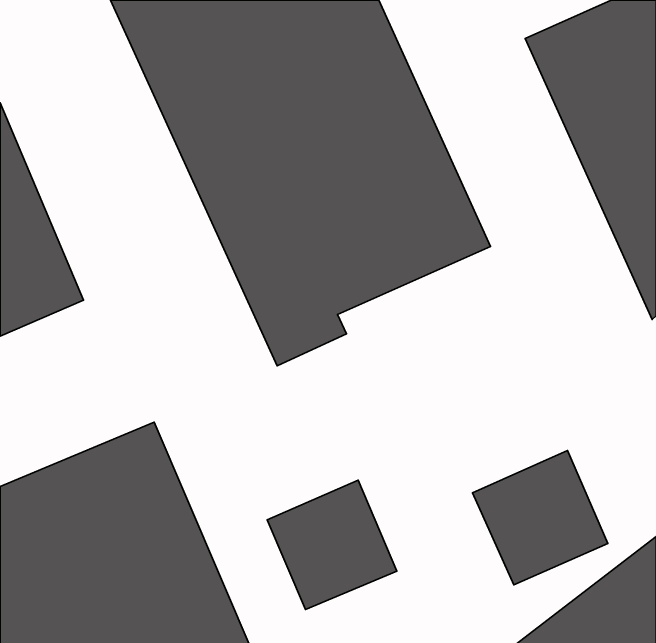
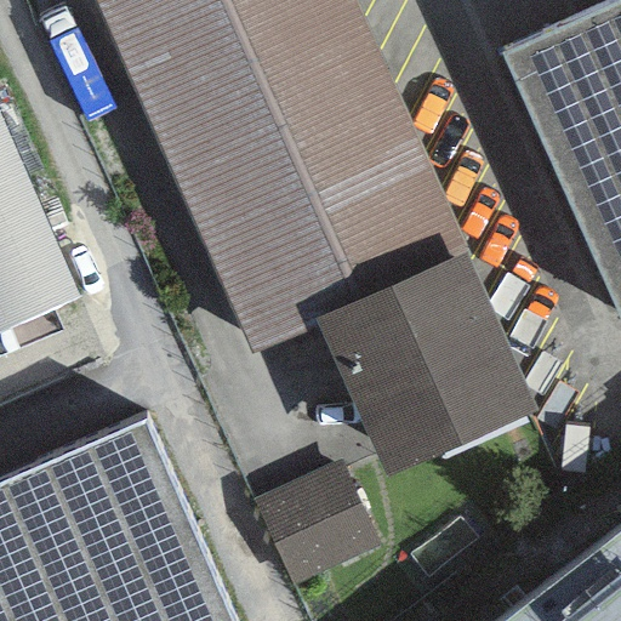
building: none -> [319,245,534,466]
building: [473,451,608,585] -> none

